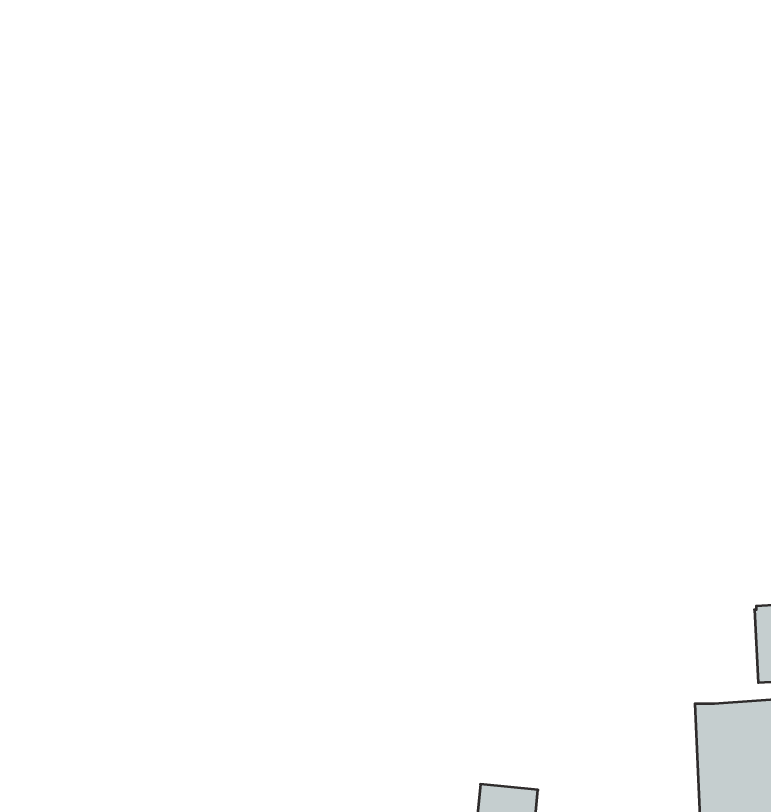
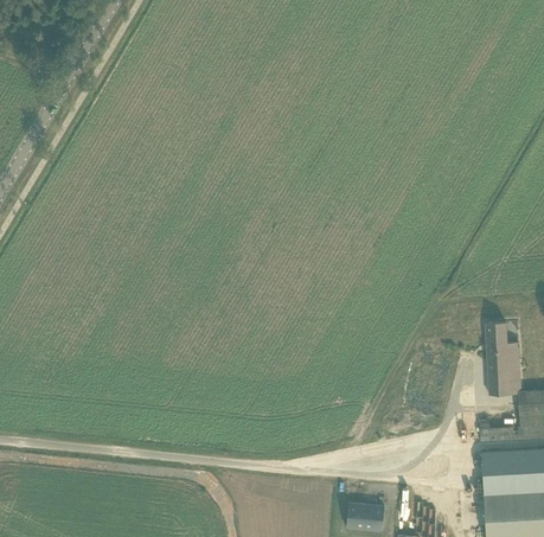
building: none -> [488,322,521,395]

